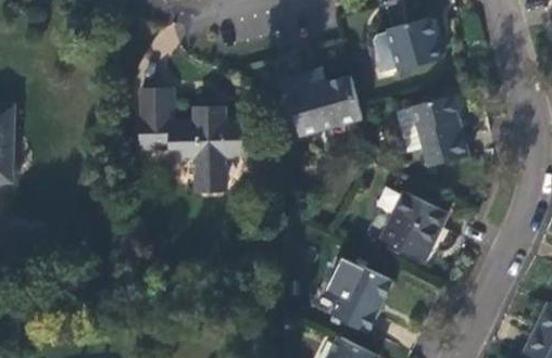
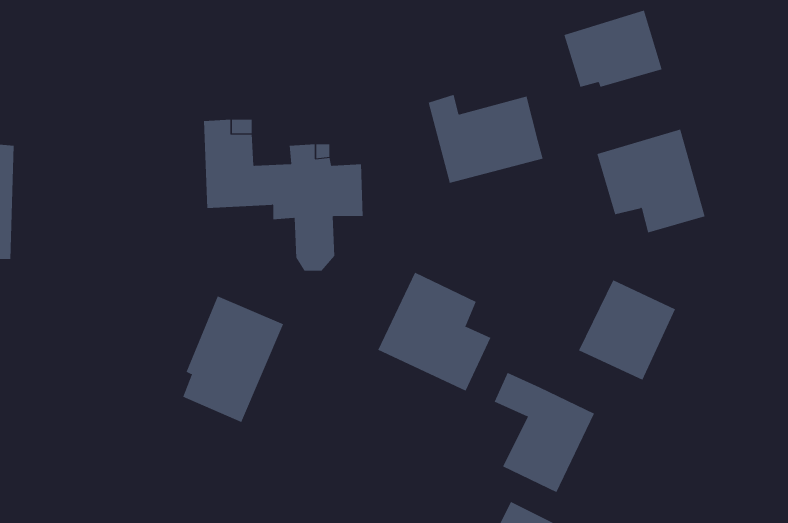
building: none -> [377,272,491,391]
building: none -> [183,295,284,423]

